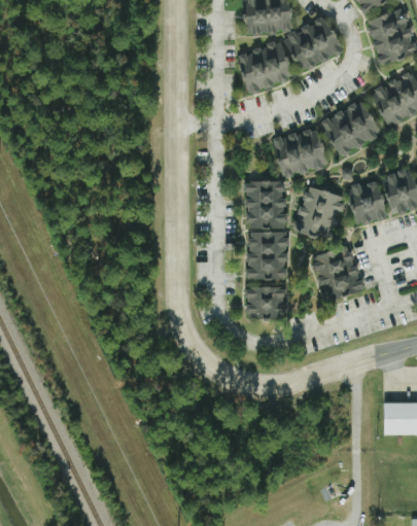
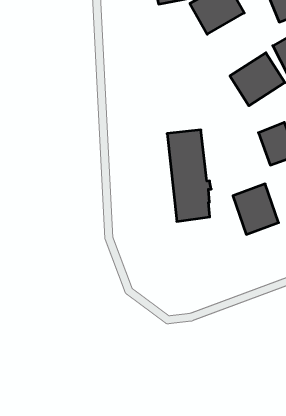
building: [237,40,296,94] -> none
building: [273,127,328,177] -> none
building: [294,184,345,239] -> none
building: [246,285,287,317] -> none

